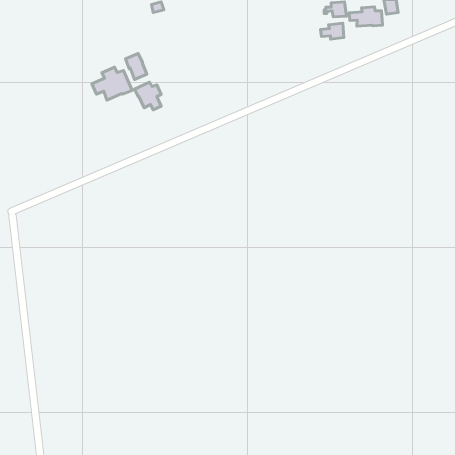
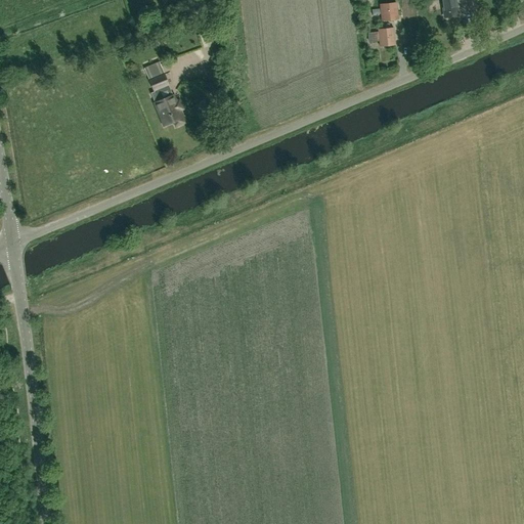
building: [349,7,382,26] -> none
building: [92,67,132,100] -> none

